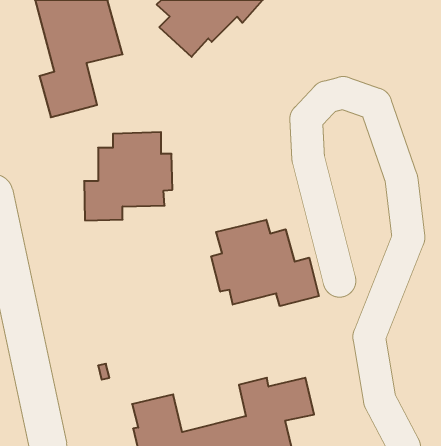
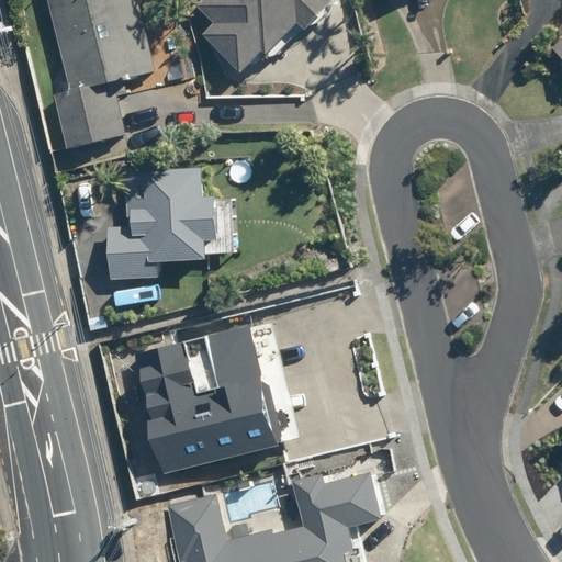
building: [211,220,319,306] -> none
building: none -> [131,325,278,474]

